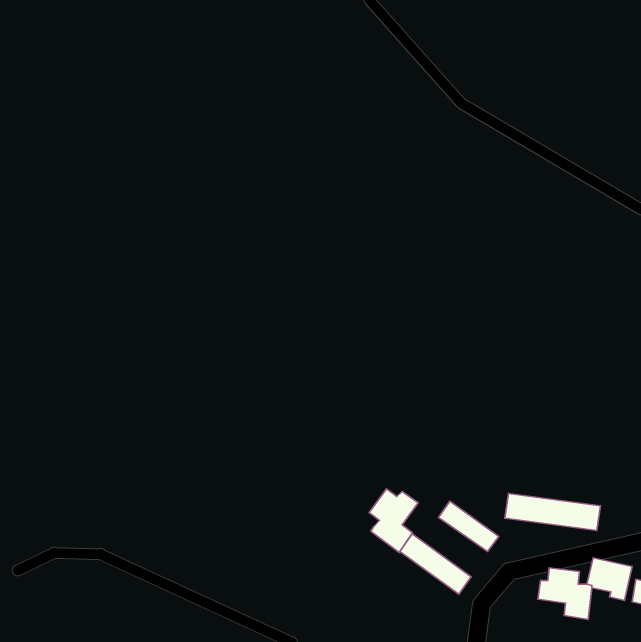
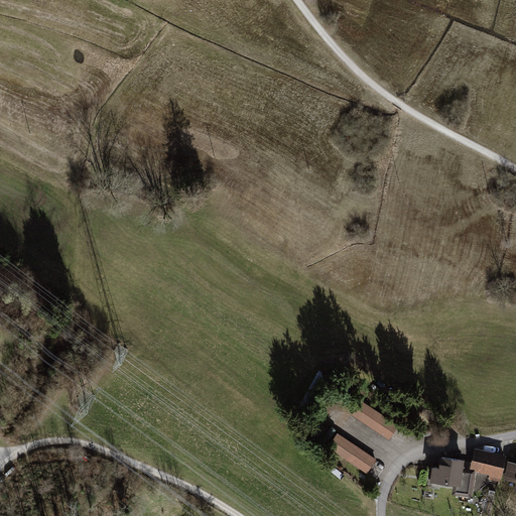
building: [369,489,418,552] -> none
building: [505,493,600,531] -> none

